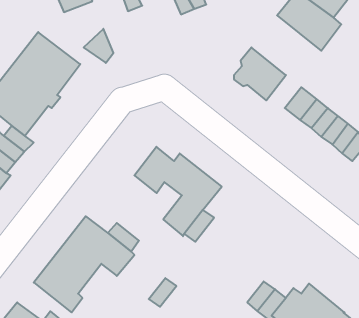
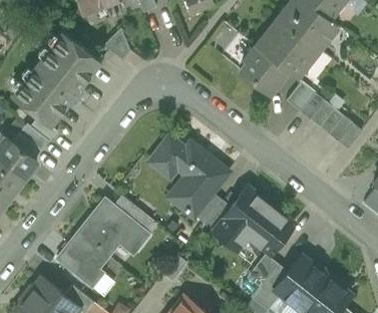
building: none -> [256,17,319,78]
building: none -> [214,189,295,255]

